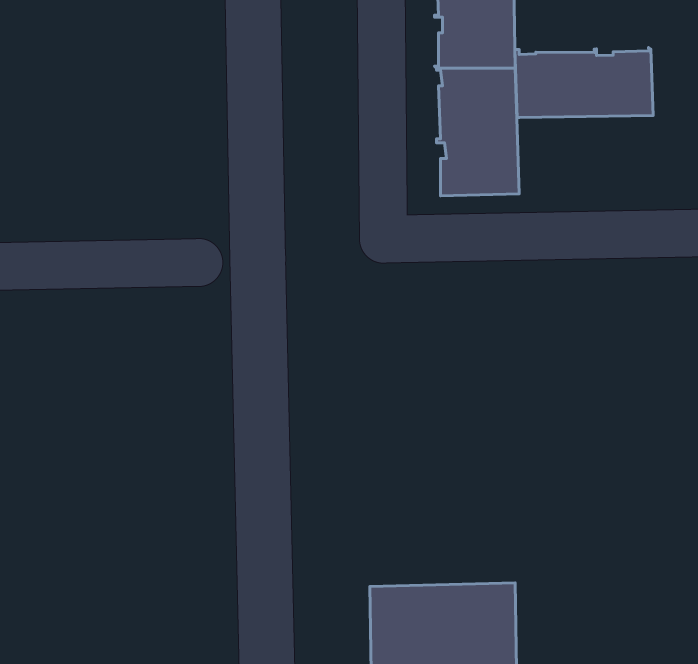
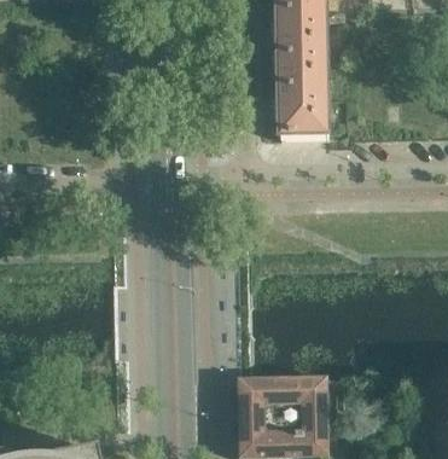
building: [515,48,653,118] -> none

